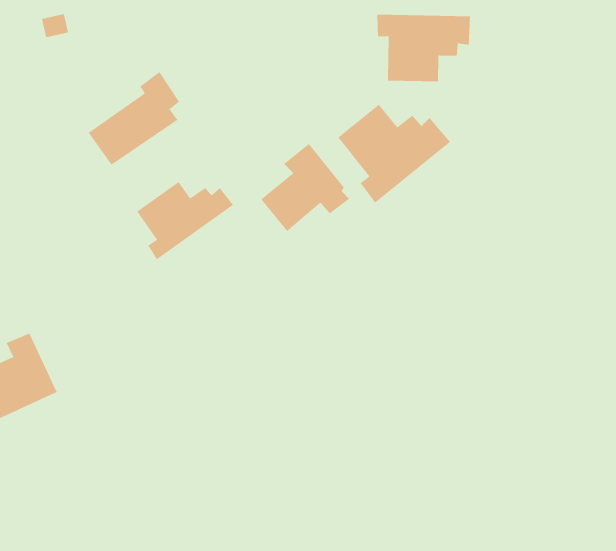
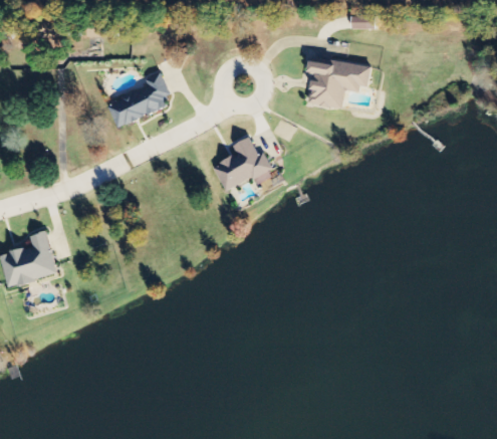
building: [337,104,451,203] -> none
building: [136,181,234,260] -> none

